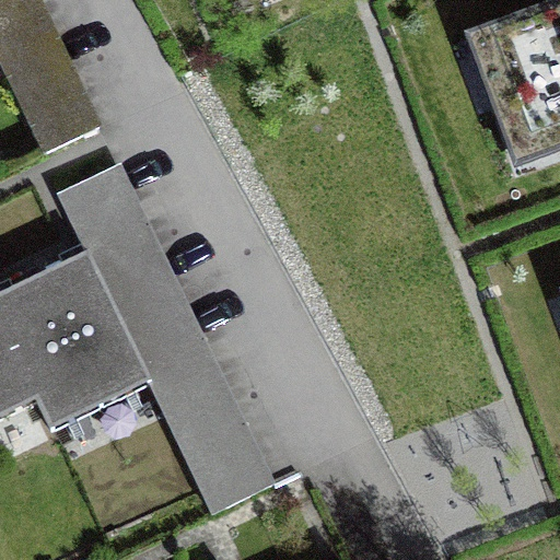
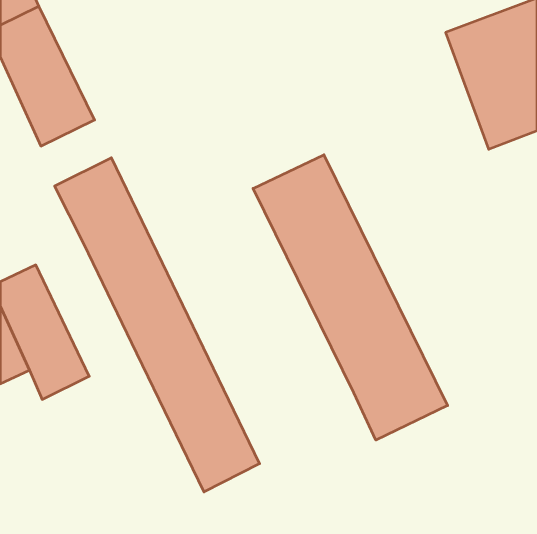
building: none -> [253,155,448,440]
building: [37,253,142,392] -> none

